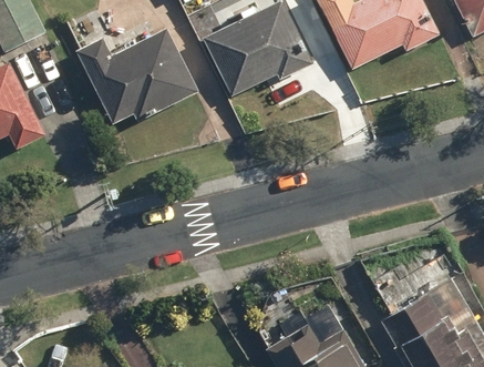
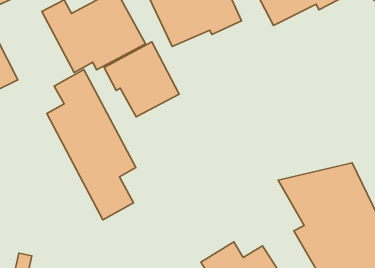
building: none -> [104,42,179,117]
building: none -> [47,69,136,220]

